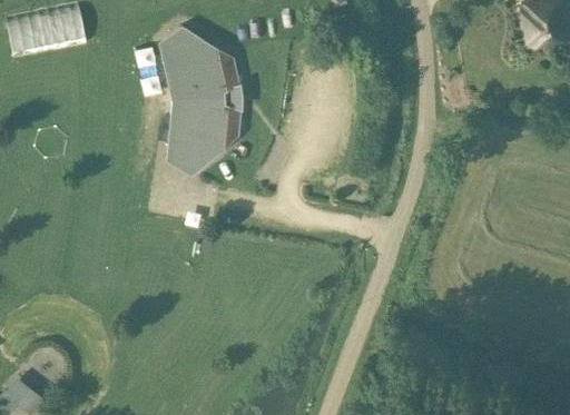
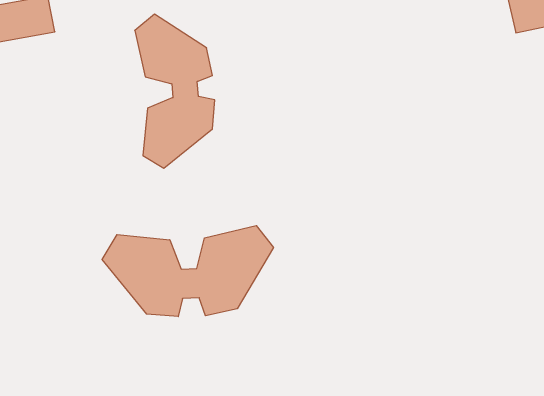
building: none -> [102,226,273,317]

